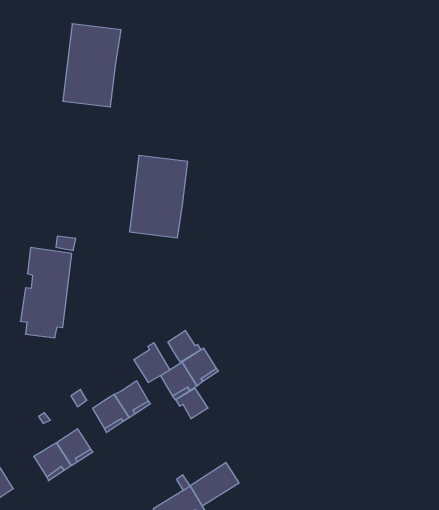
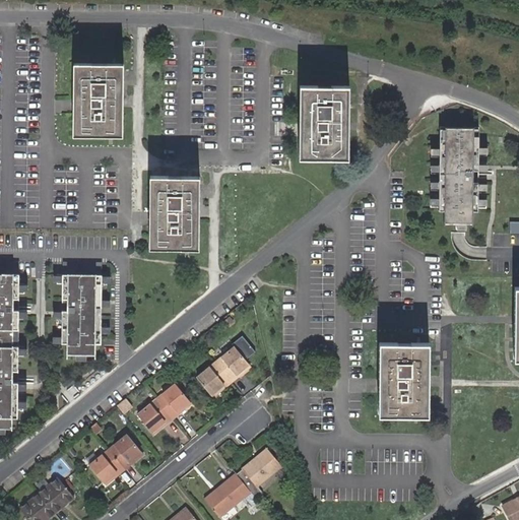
building: none -> [301,87,346,159]
building: [168,330,201,362] -> none
building: [134,343,170,383] -> none
building: none -> [380,344,427,416]
building: [176,388,208,419] -> none

